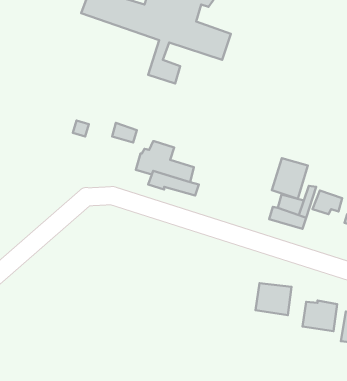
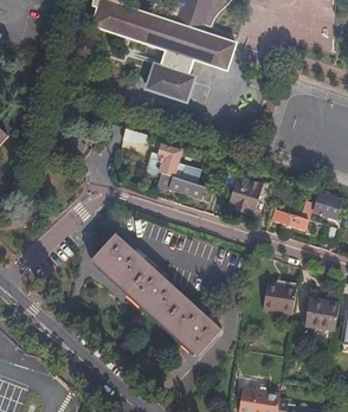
building: [272,158,308,199] -> [228,175,263,214]
building: none -> [92,233,221,354]

